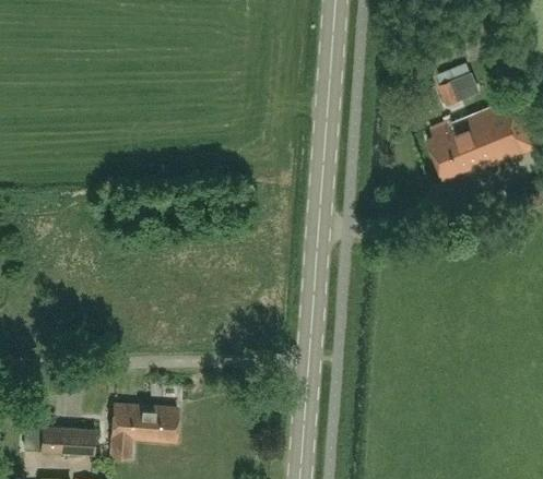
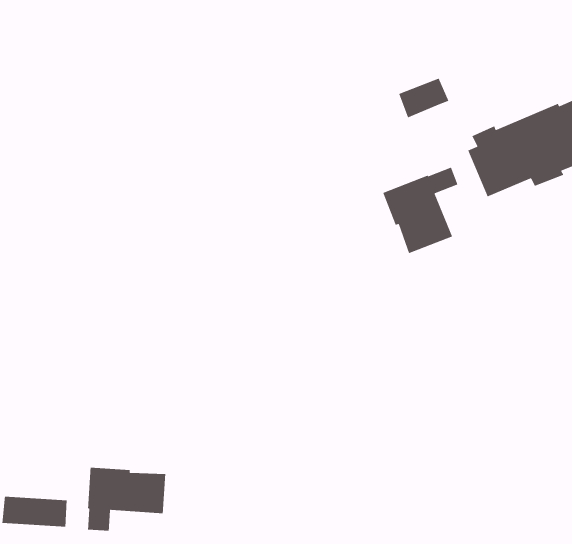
building: [437,73,480,107] -> [398,78,450,118]
building: none -> [382,167,459,254]

